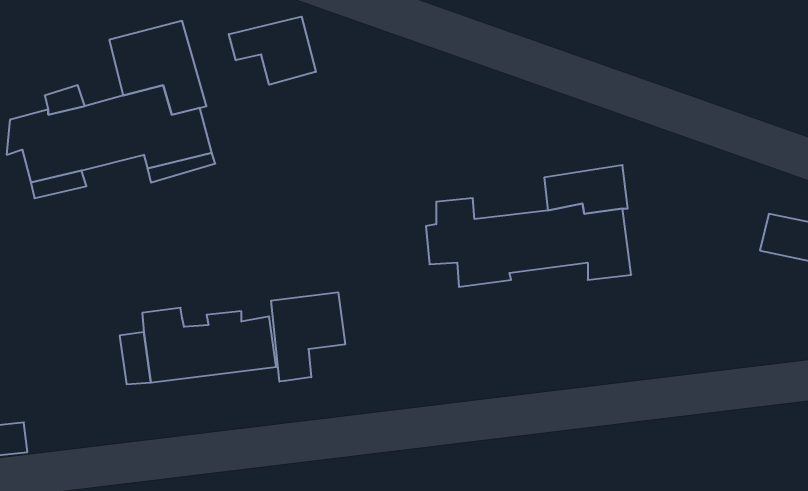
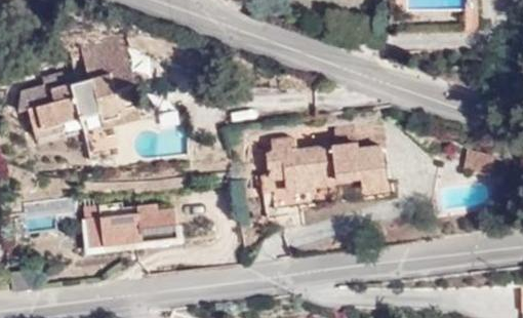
building: [229,17,316,85] -> none
building: [271,292,345,382] -> none

